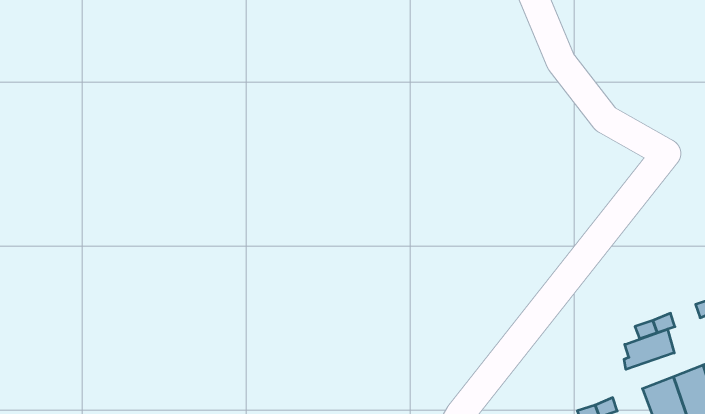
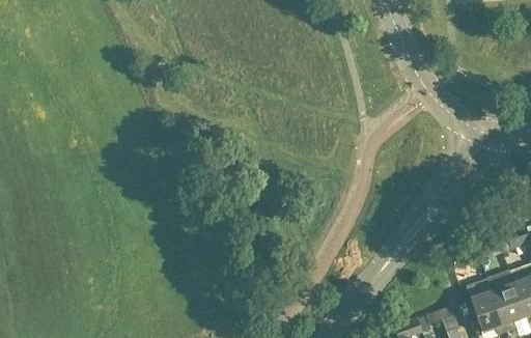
building: [624,329,674,369] -> none

